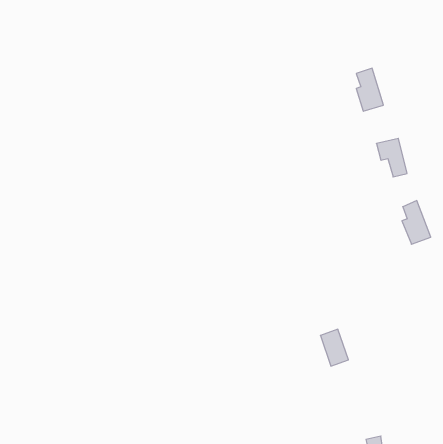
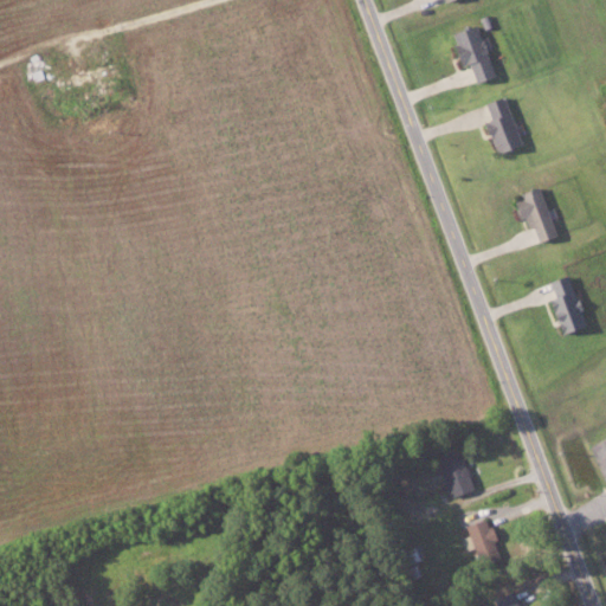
building: none -> [452,26,497,84]
building: none -> [470,520,503,567]

